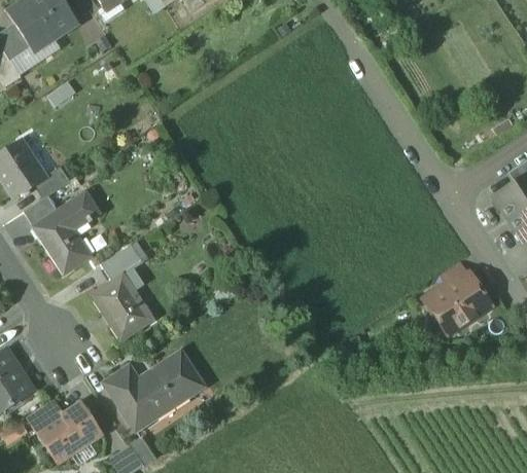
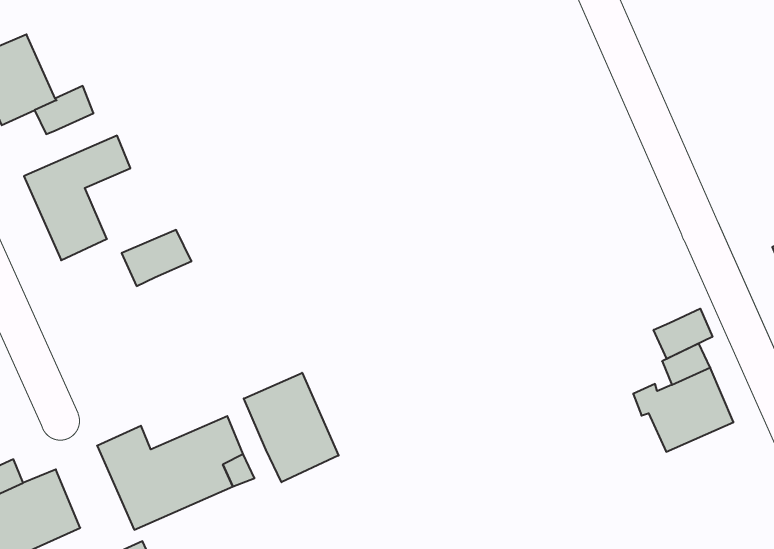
building: [24,195,58,226] -> none
building: none -> [654,309,712,359]
building: [94,275,152,338] -> none
building: none -> [244,373,339,482]

